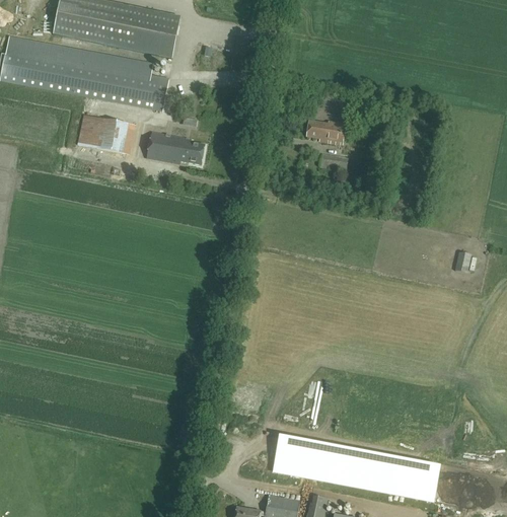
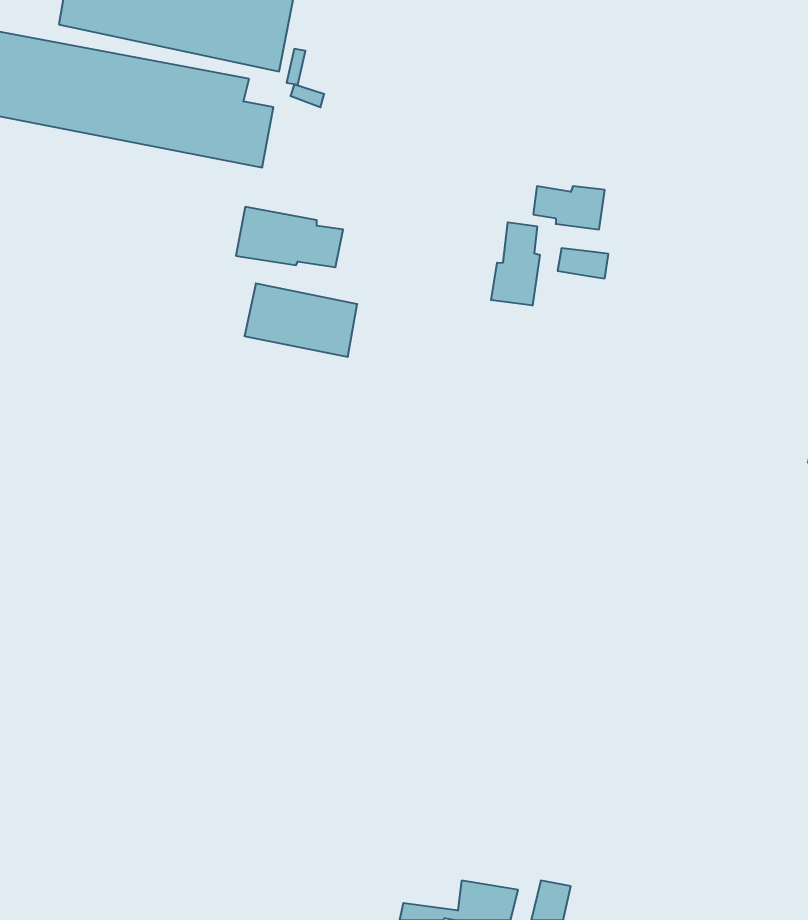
building: [78,114,139,153] -> [244,283,357,357]
building: none -> [491,222,540,306]
building: [274,438,439,499] -> none

